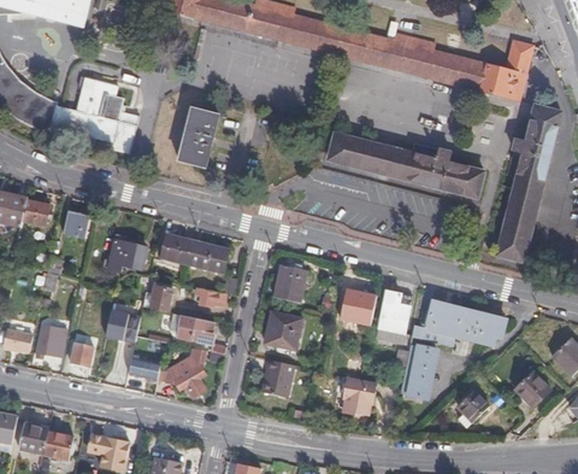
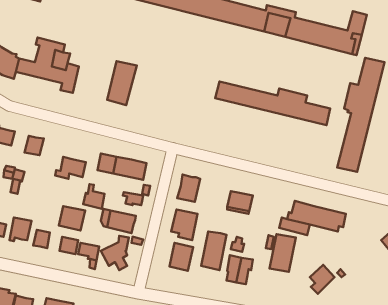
building: [376,288,411,341] -> [201,231,227,270]
building: [514,371,549,408] -> none

